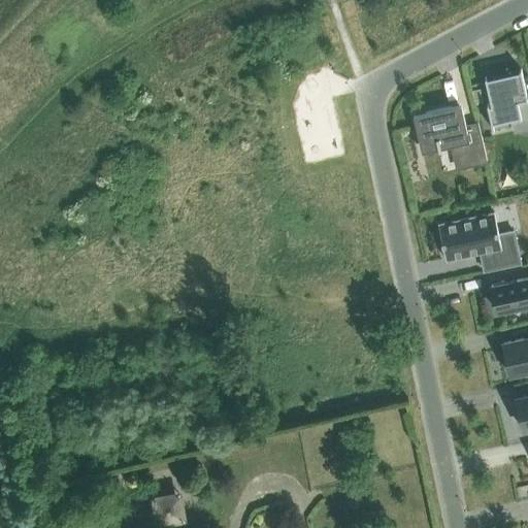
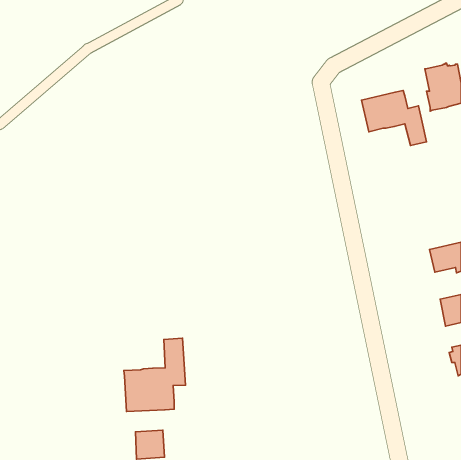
building: [437,214,520,271] -> none
building: none -> [124,338,186,412]

